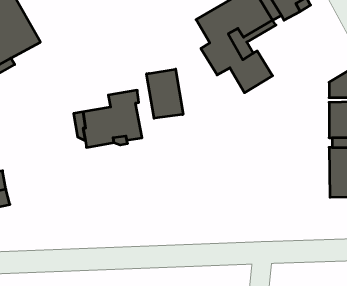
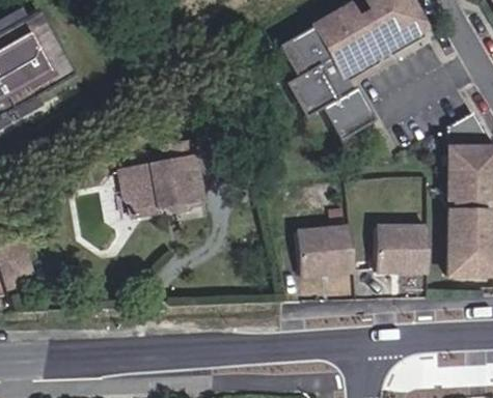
building: [147,69,183,118] -> none
building: none -> [305,228,362,276]
building: none -> [375,228,427,273]

